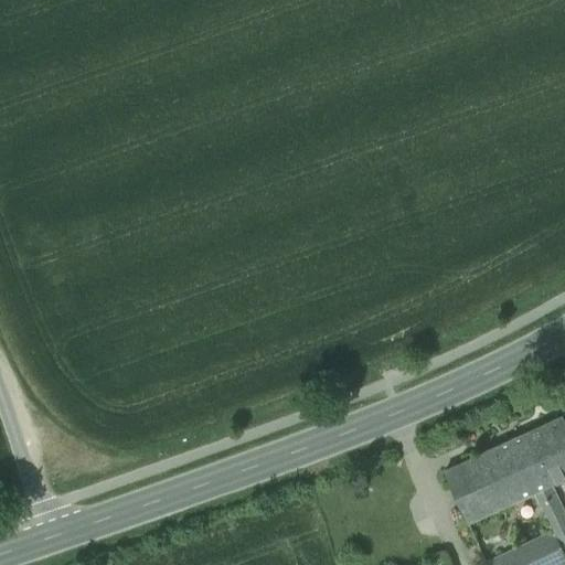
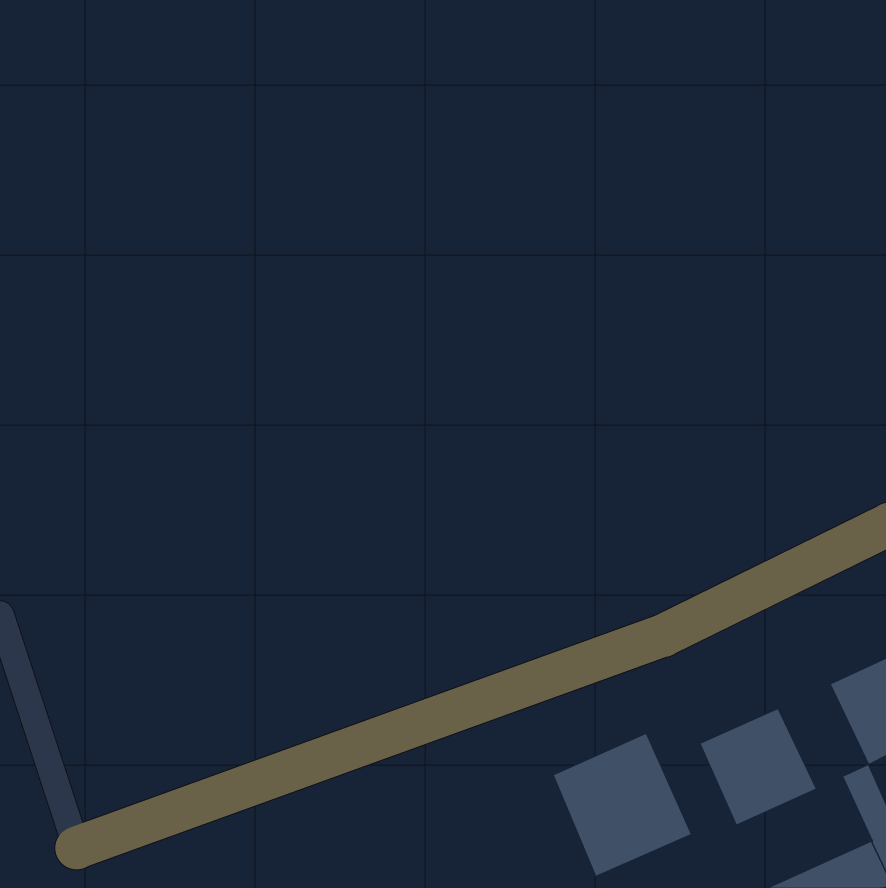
building: [495,434,553,500] -> none
building: none -> [553,733,691,876]

